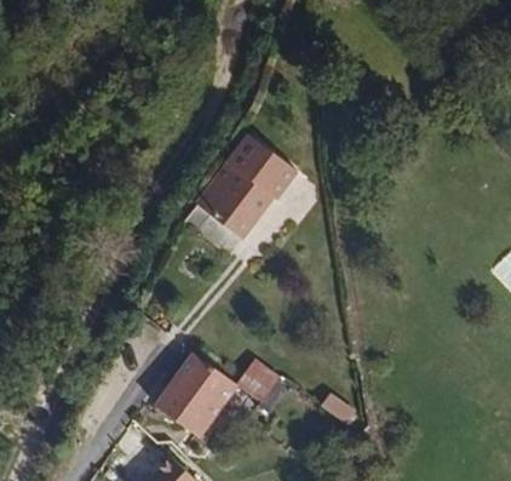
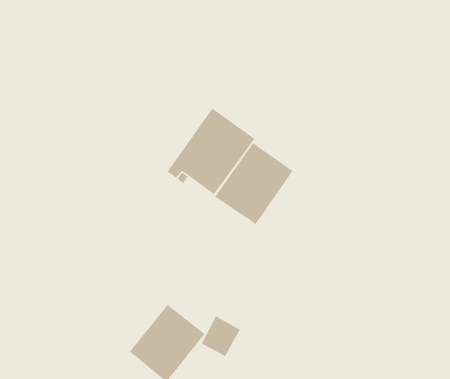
building: none -> [214,142,293,225]

